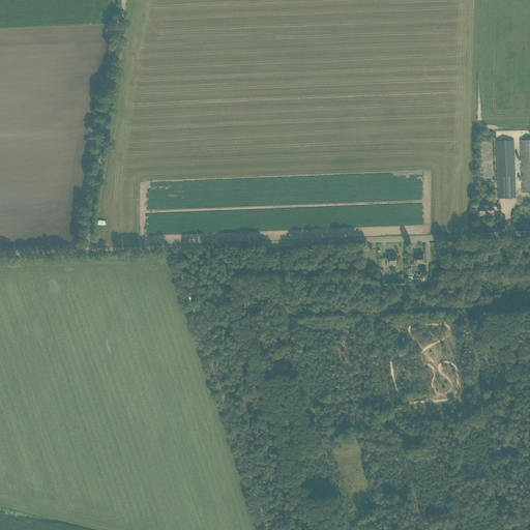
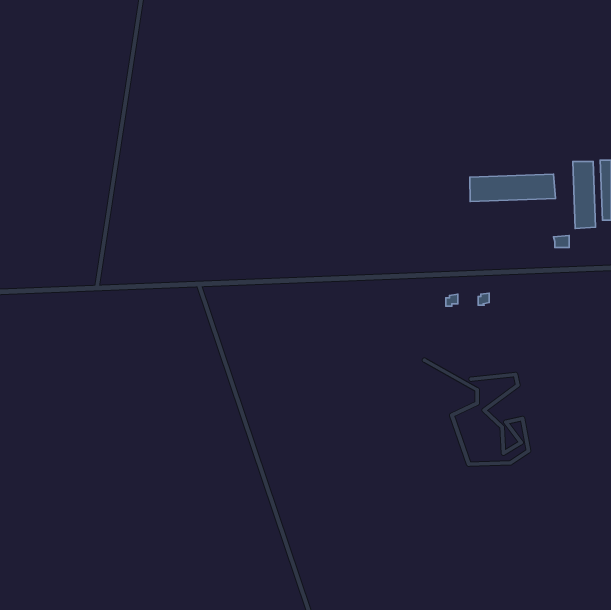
building: none -> [470,174,555,201]

